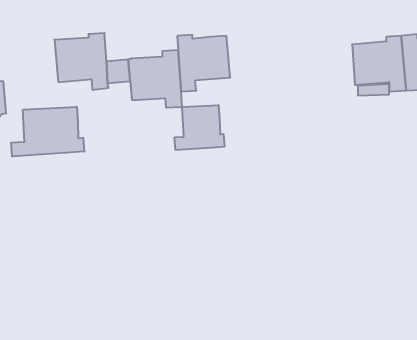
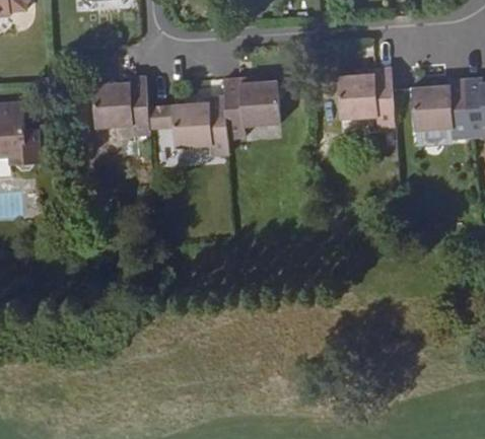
building: none -> [337,68,395,128]
building: [175,105,224,150] -> none
building: [11,107,84,157] -> none

